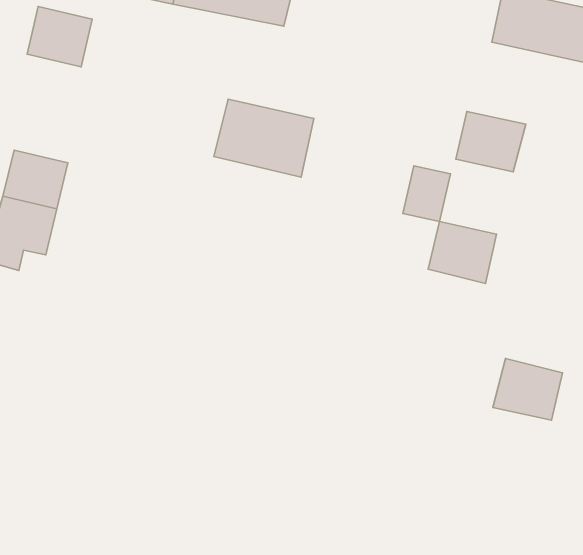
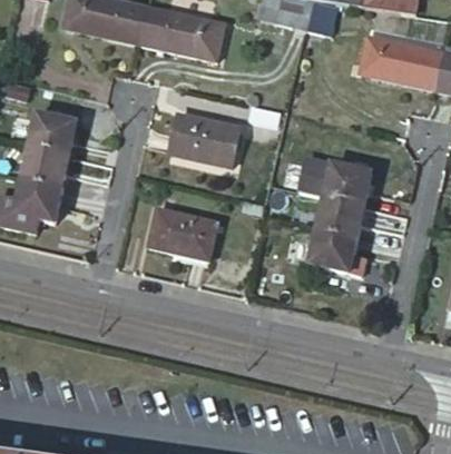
building: [27,7,92,67] -> [29,112,75,155]
building: [456,112,526,172] -> [327,162,376,205]
building: none -> [147,208,217,260]
building: [493,358,563,420] -> [311,229,360,273]

